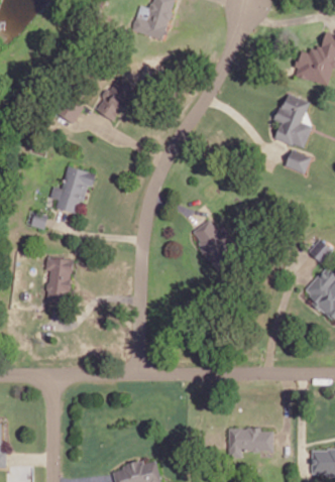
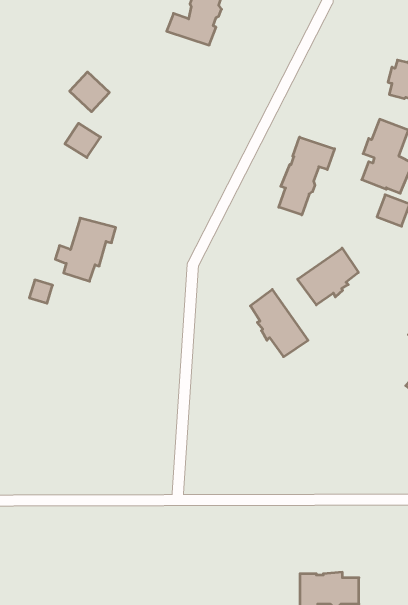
building: [95,94,124,123] -> [70,72,109,112]
building: none -> [279,137,335,215]
building: none -> [298,248,358,305]
building: [45,257,73,303] -> none

